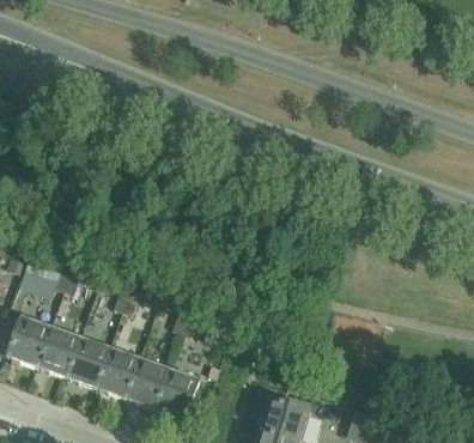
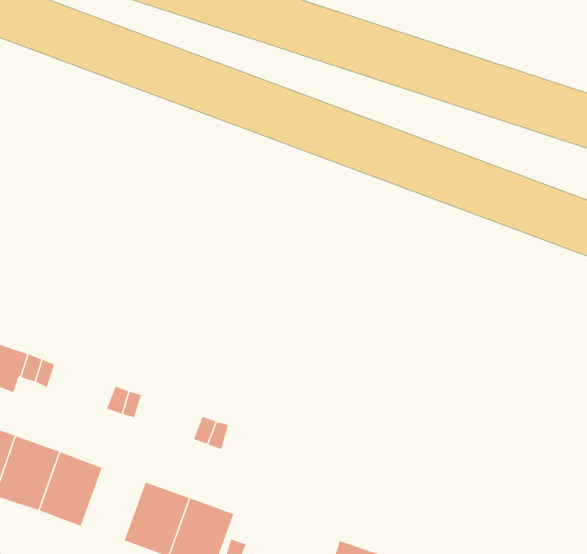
building: [96,347,139,396] -> none

